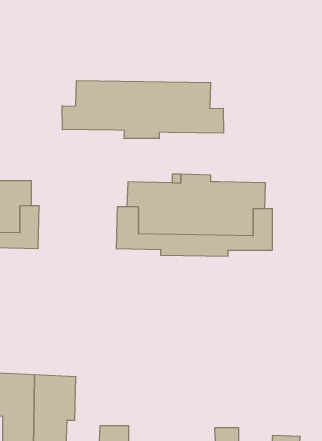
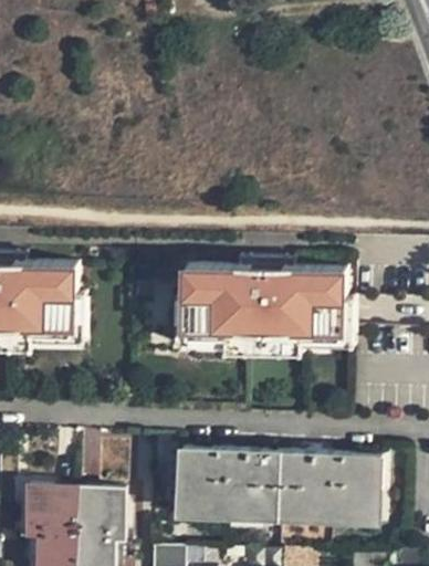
building: [62,81,223,139] -> none
building: none -> [176,447,380,523]

